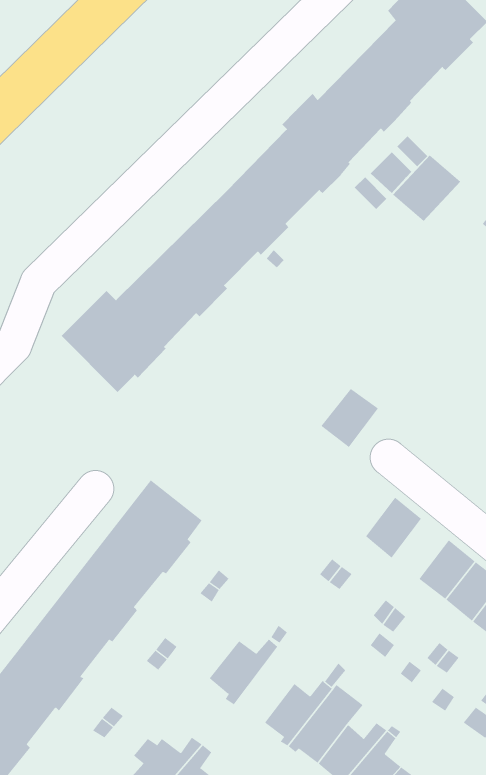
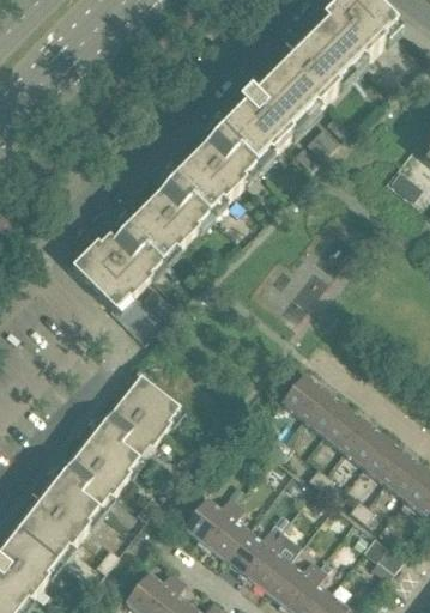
building: [392,154,461,222] -> none
building: [321,388,379,448] -> [280,371,325,417]
building: none -> [322,403,365,449]
building: none -> [202,500,248,558]

